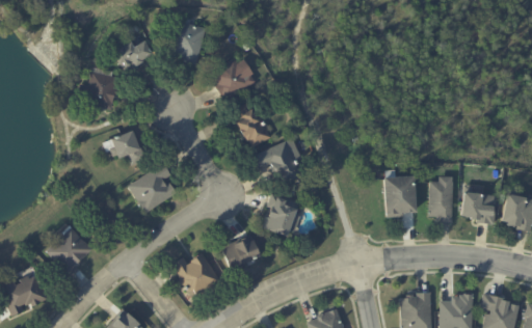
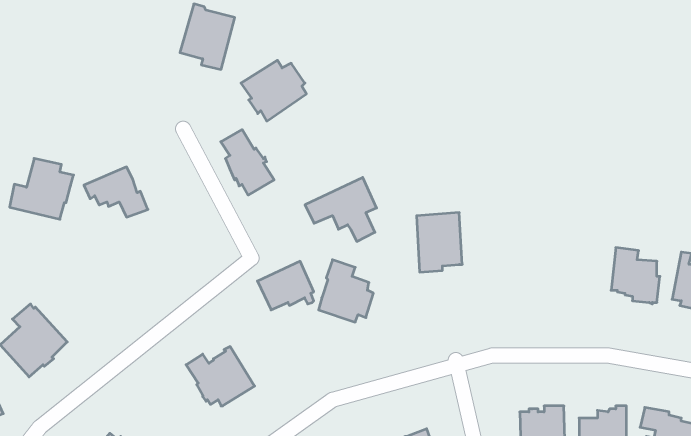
building: [111,39,153,67] -> none
building: [77,66,121,108] -> [10,158,74,219]
building: [234,102,270,146] -> [221,130,274,195]
building: [129,163,176,212] -> none
building: [384,176,416,217] -> [417,213,462,272]
building: [429,176,454,221] -> none
building: [221,234,260,267] -> [257,261,314,310]

